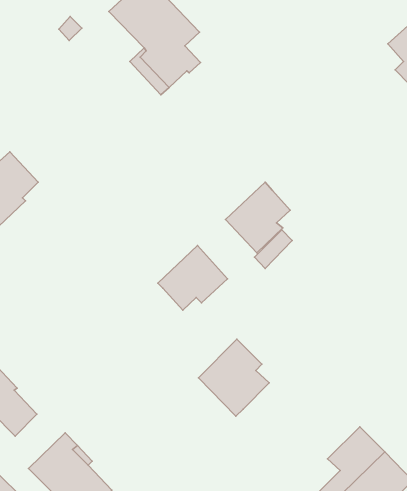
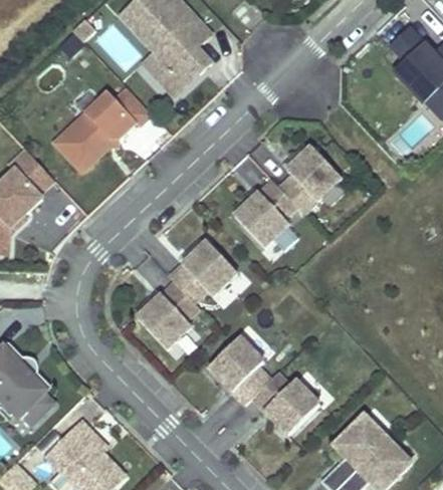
building: none -> [54,84,151,172]
building: none -> [279,146,341,213]
building: none -> [136,281,198,348]
building: none -> [251,365,325,435]

